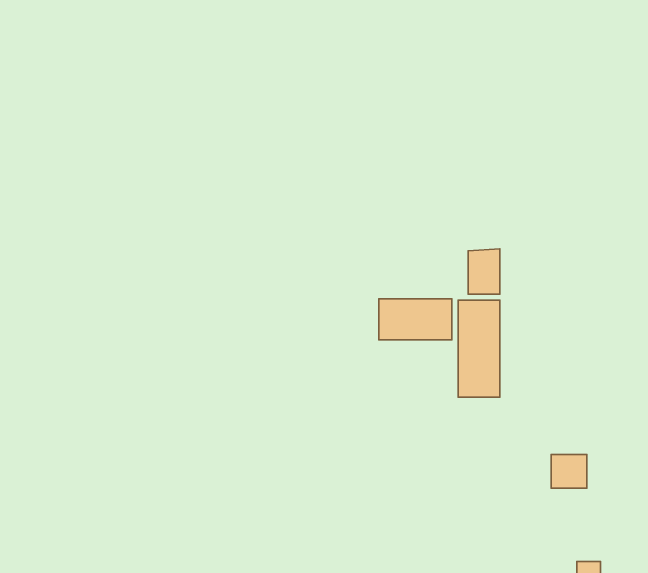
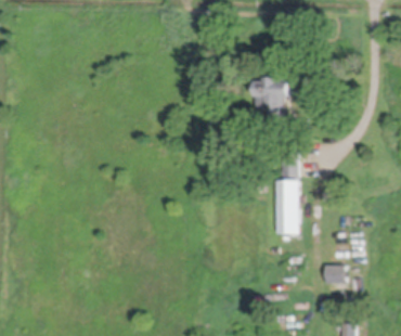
building: none -> [255,75,290,116]
building: [379,299,452,340] -> none

